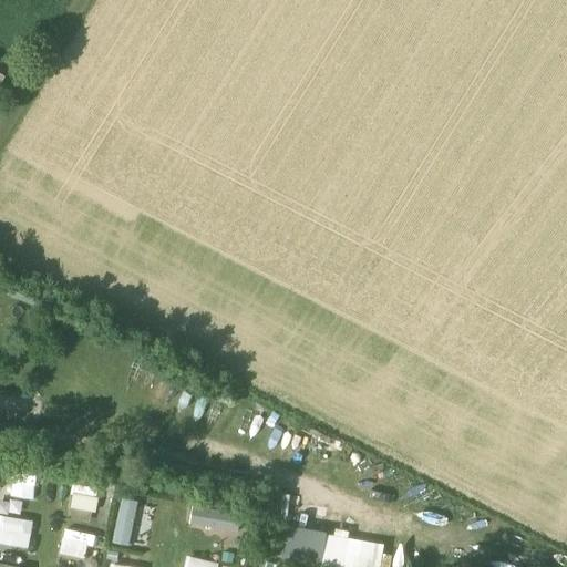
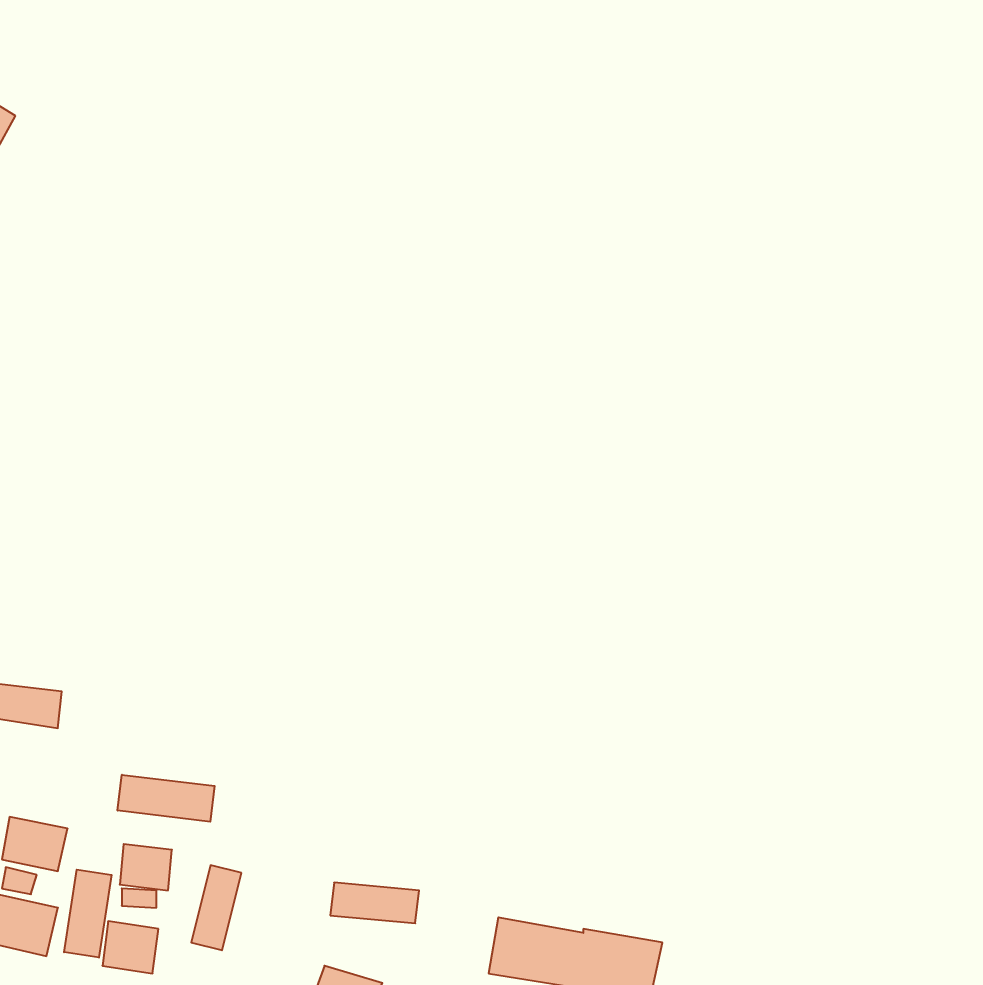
building: none -> [118,775,215,822]
building: none -> [64,870,112,958]

